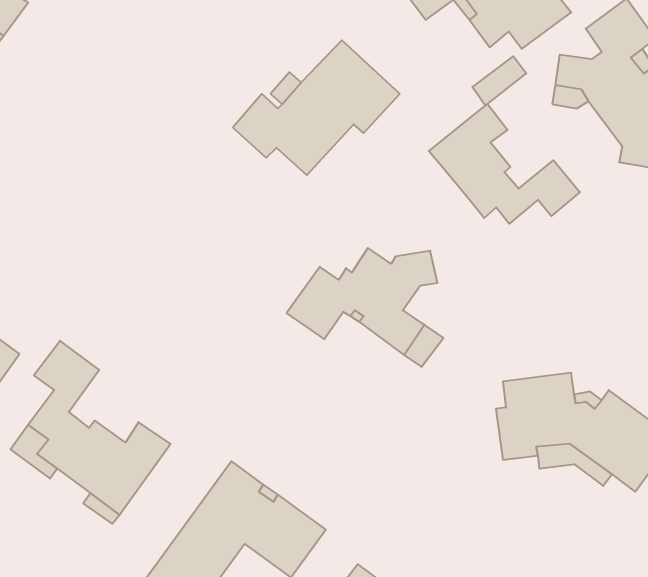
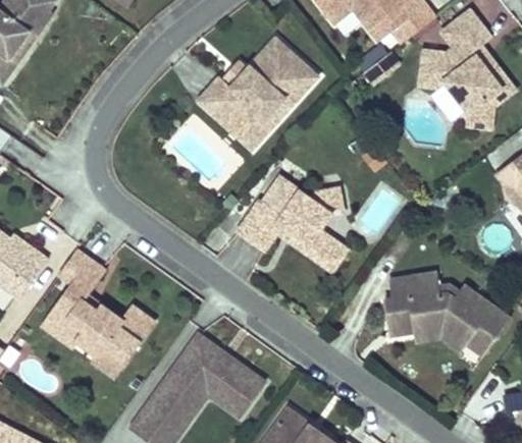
building: [429,104,580,224] -> none
building: none -> [221,98,290,148]

